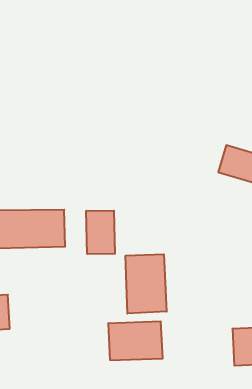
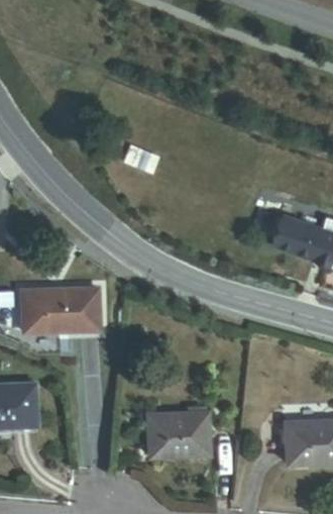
building: [86,211,115,254] -> none
building: [126,254,167,314] -> none

